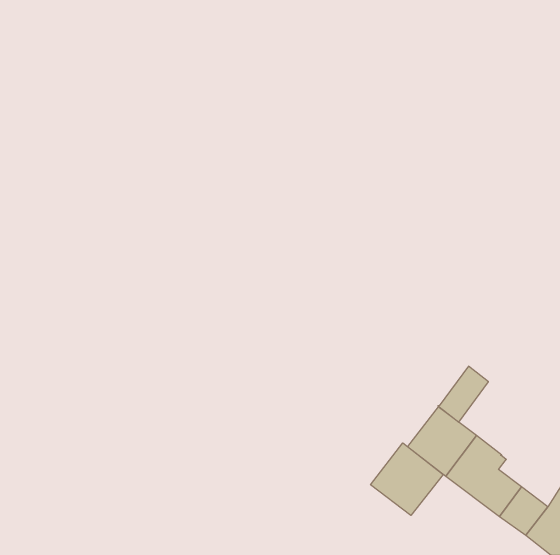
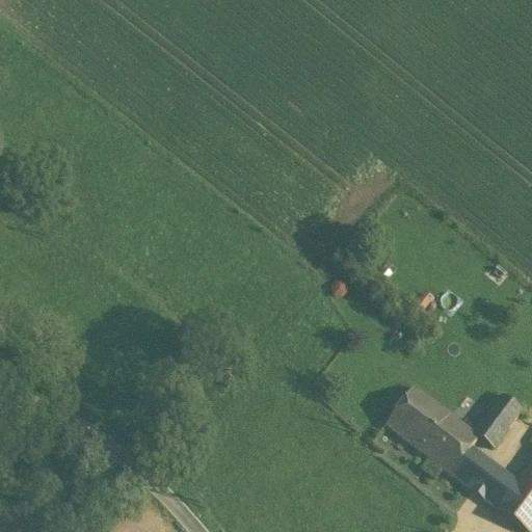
building: [438,366,488,422] -> [475,394,523,447]
building: [371,443,443,515] -> none

